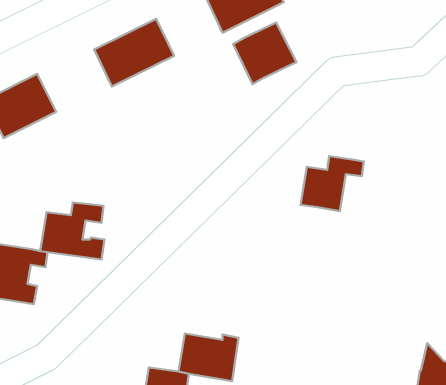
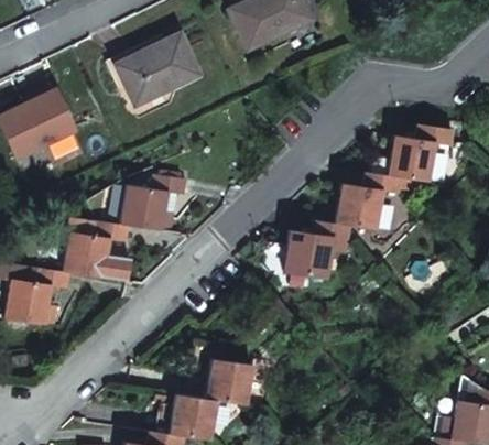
building: [233,22,297,84] -> none
building: none -> [388,127,454,183]
building: none -> [119,176,185,232]
building: none -> [283,221,349,279]

